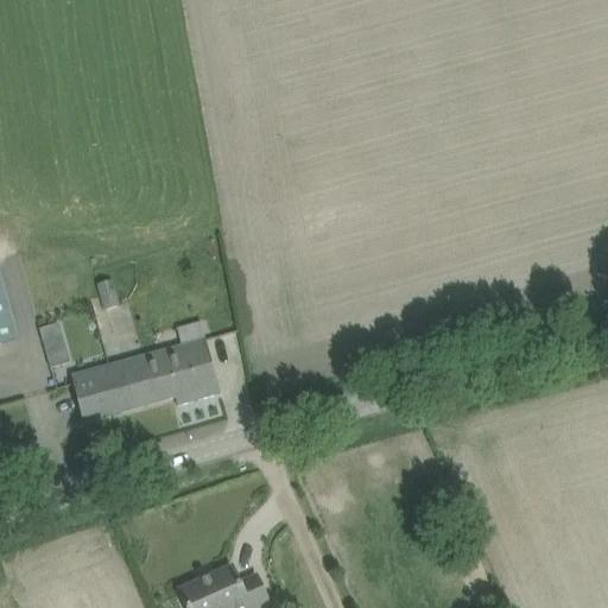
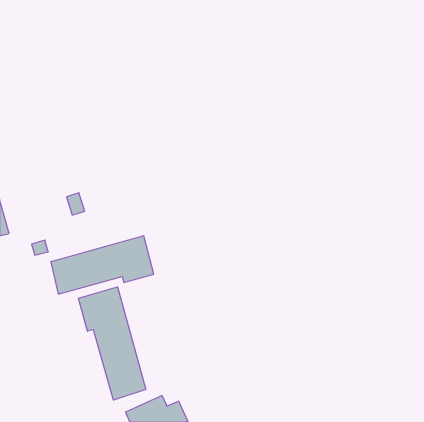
building: none -> [79,287,146,400]

